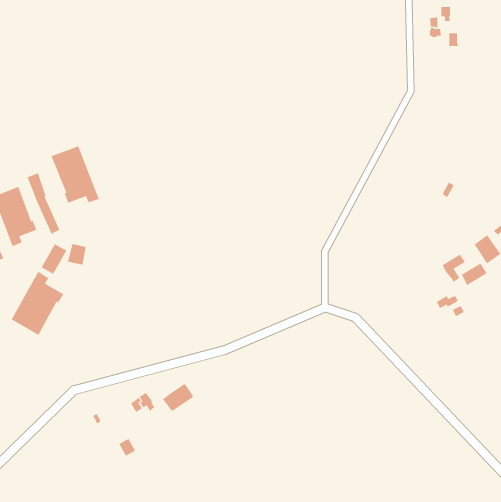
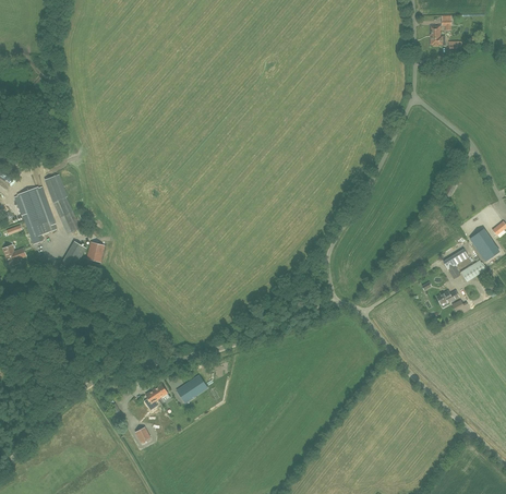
building: [51,145,99,204] -> none
building: [11,271,64,336] -> none

